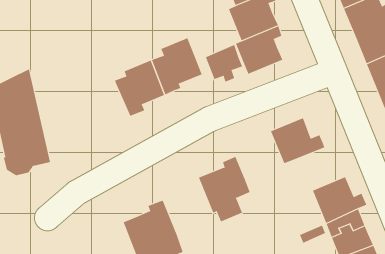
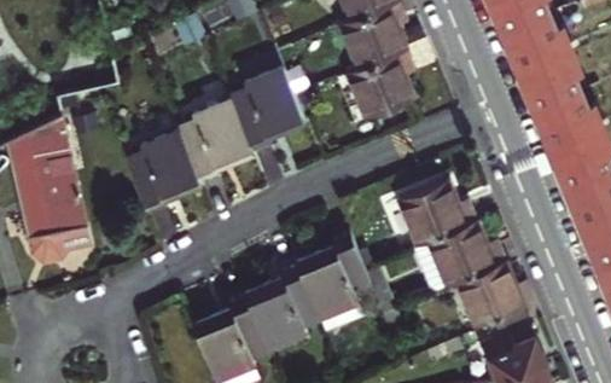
building: [205,44,243,83] -> none
building: none -> [124,133,198,215]
building: none -> [425,224,502,289]
building: none -> [245,266,318,347]

